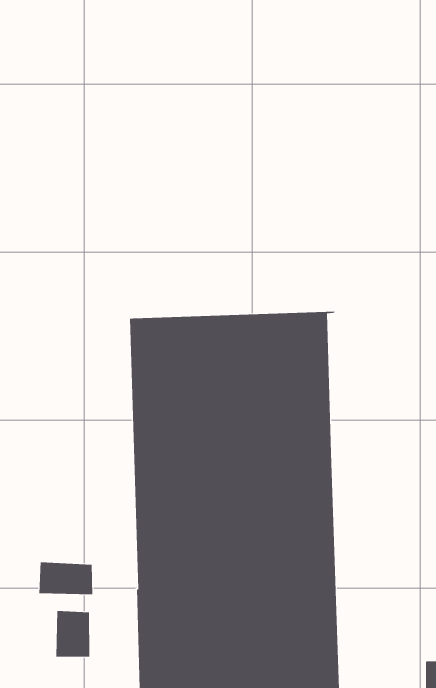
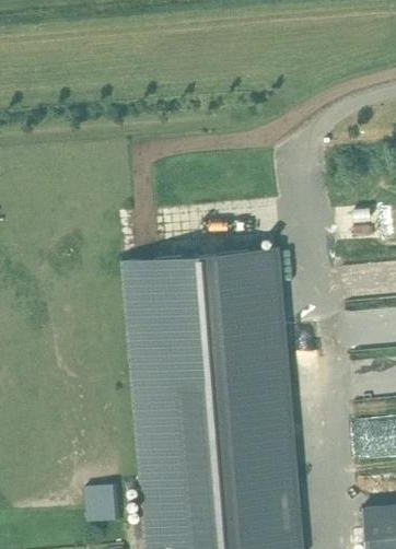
building: [39,561,93,595] -> none

